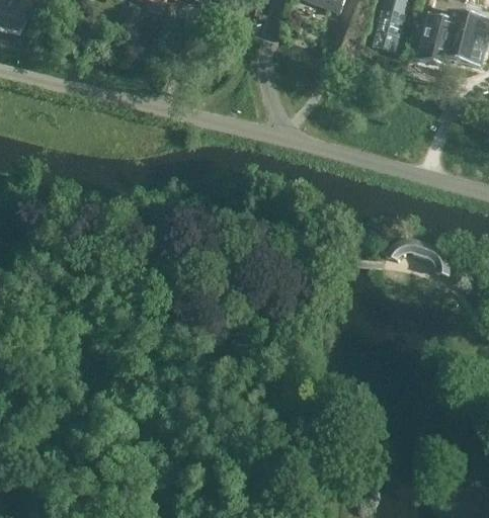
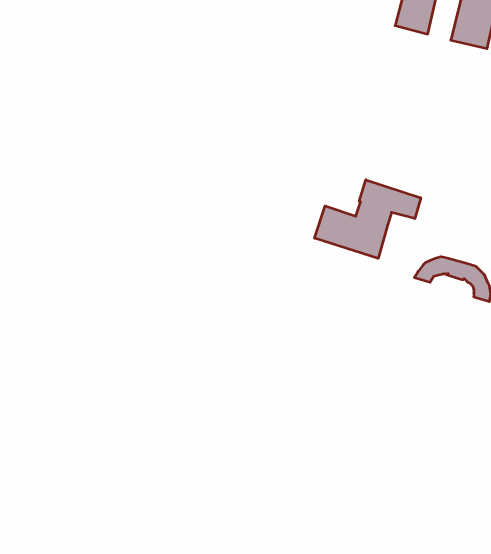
building: none -> [315,180,421,258]

